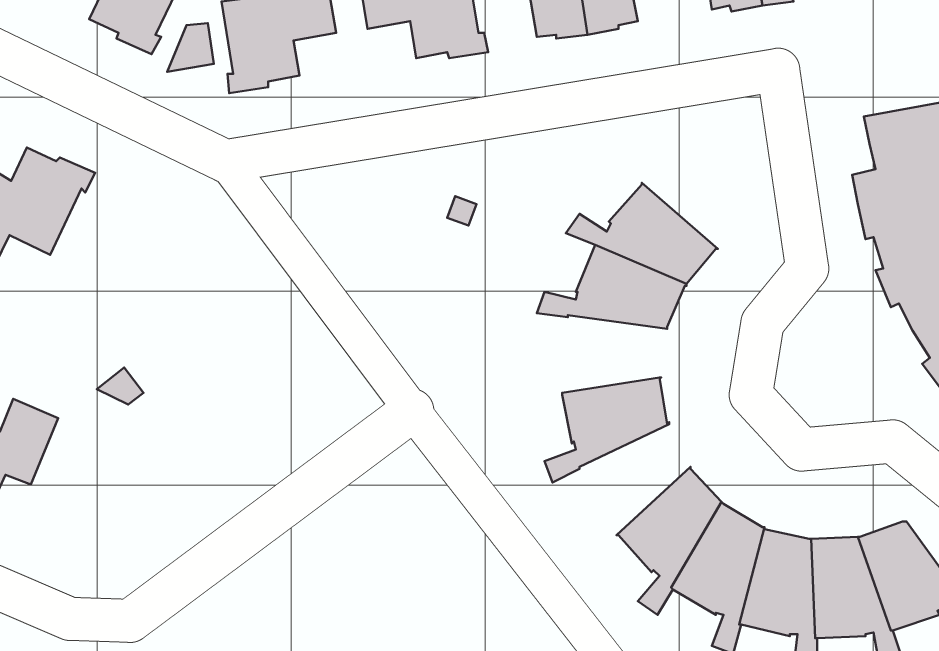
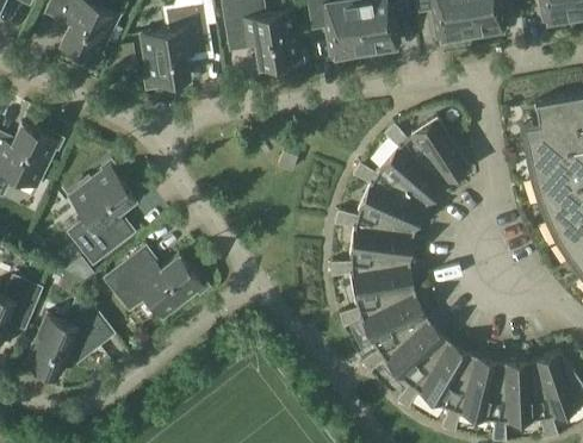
building: none -> [384,118,471,186]
building: none -> [68,162,135,264]
building: none -> [330,226,414,277]
building: none -> [105,248,209,319]
building: none -> [360,293,428,374]
building: none -> [26,304,113,378]

